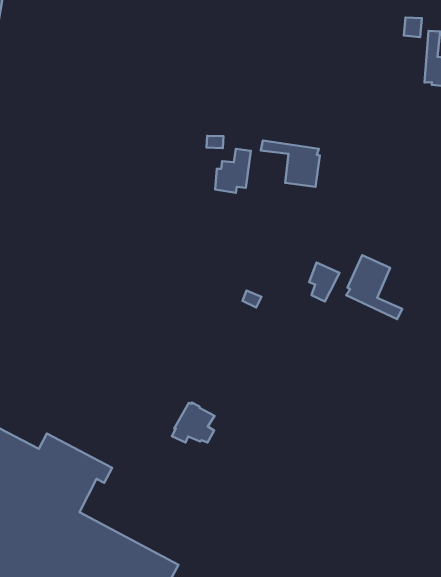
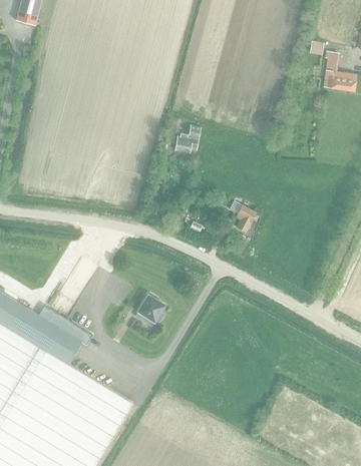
building: [261,141,320,187] -> none
building: [346,255,402,319] -> none

